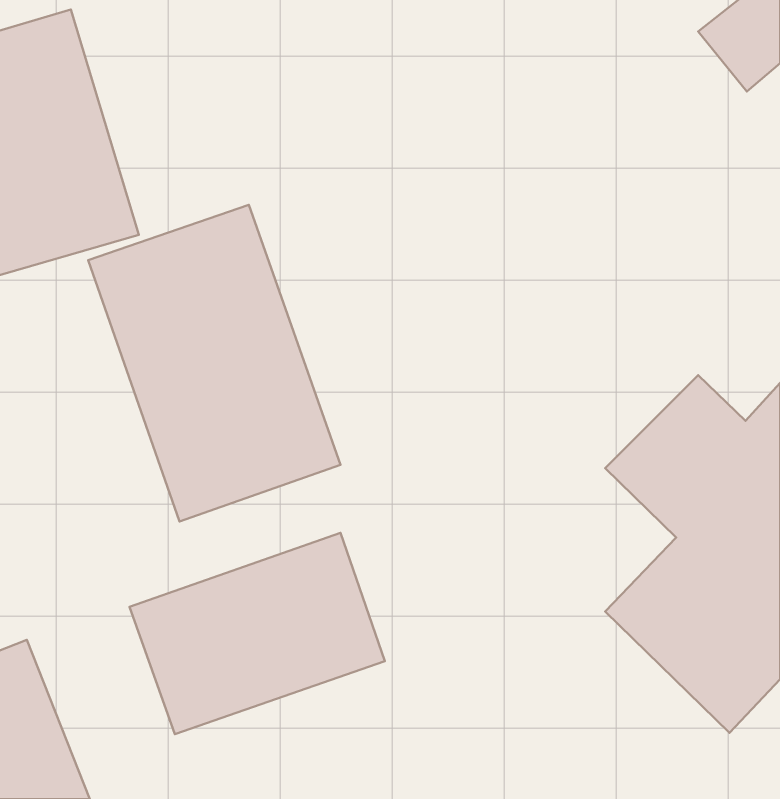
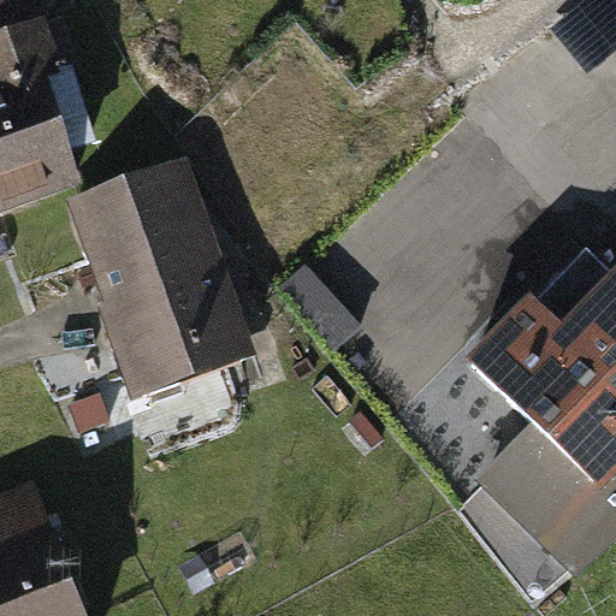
building: [129,533,385,734] -> none

